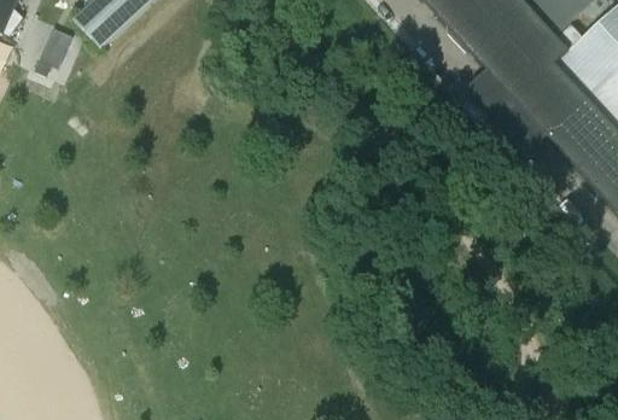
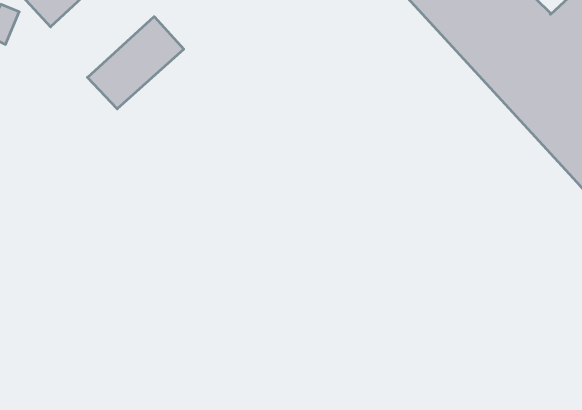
building: none -> [87,17,184,109]

